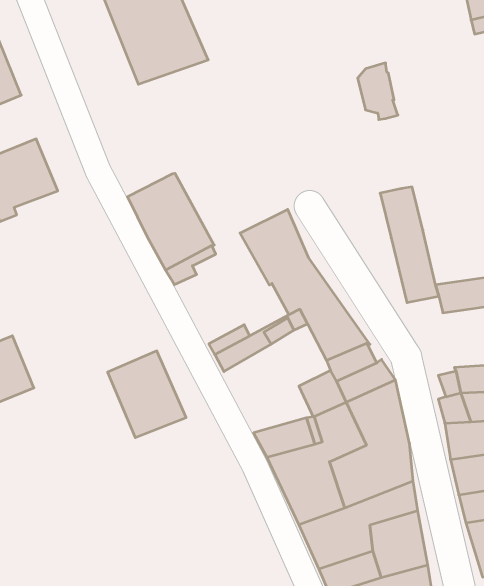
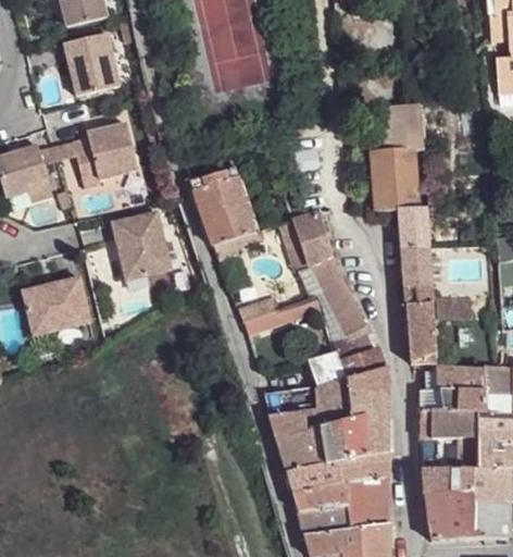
building: none -> [373,150,417,211]
building: none -> [406,304,438,363]
building: [108,351,186,438] -> [111,212,170,281]

